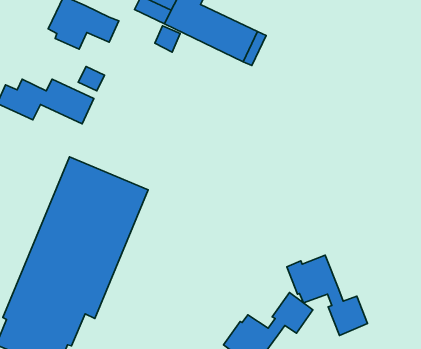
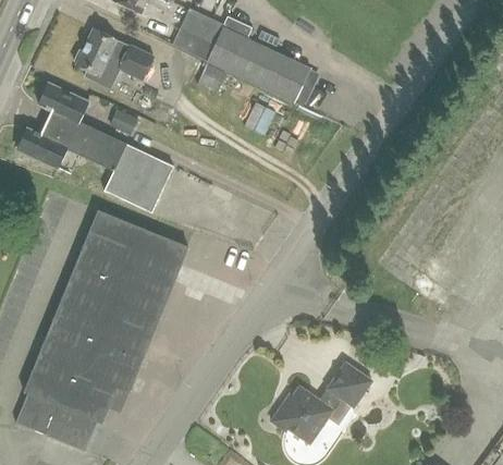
building: none -> [39,83,88,135]
building: none -> [105,144,174,212]
building: [287,255,367,335] -> none

